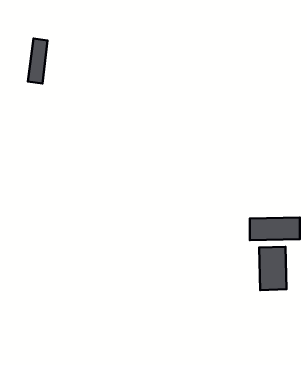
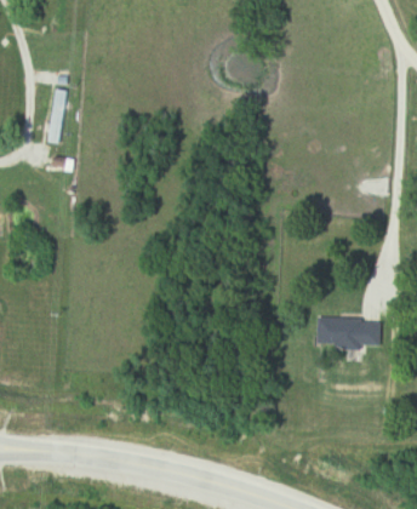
building: [259,247,286,290] -> none

